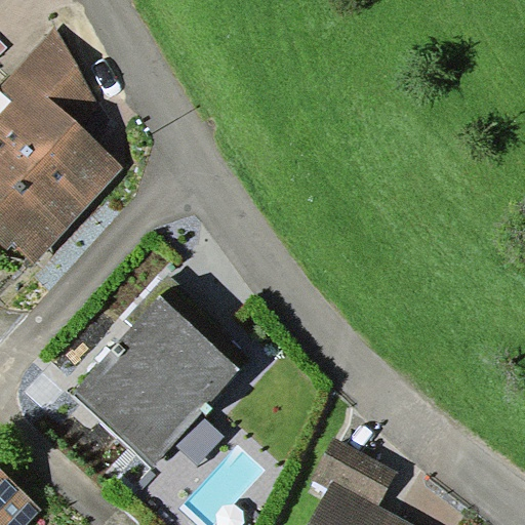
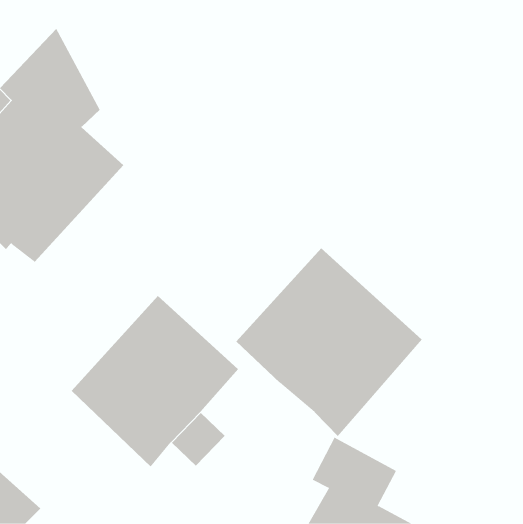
building: none -> [235,247,422,437]

